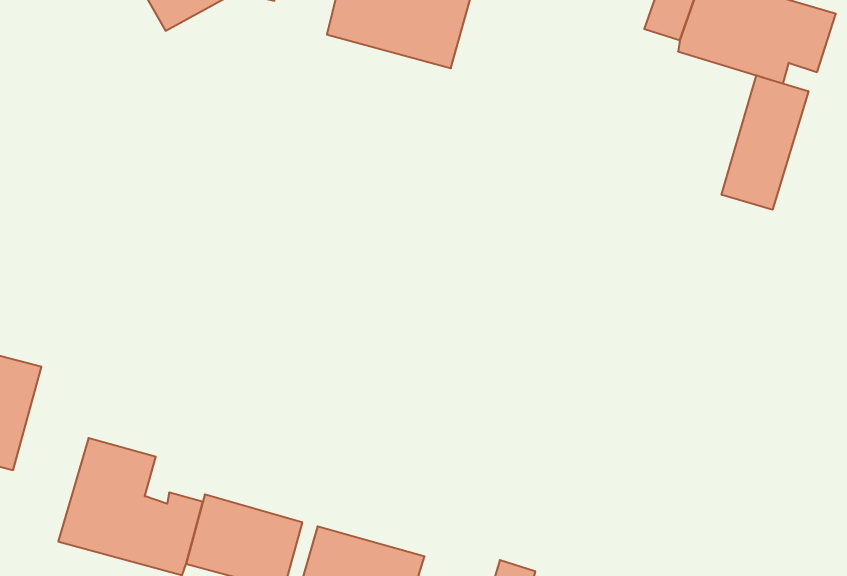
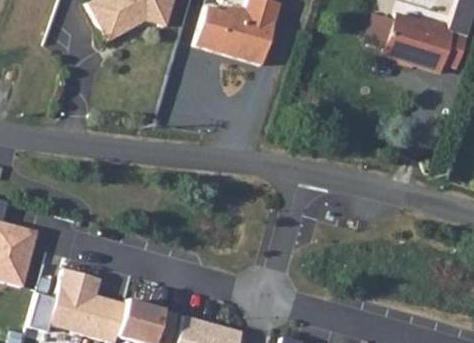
building: [722,75,808,210] -> none

